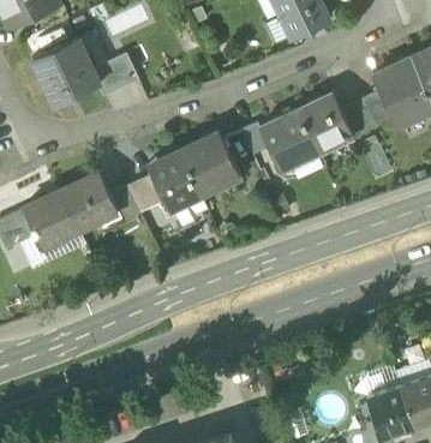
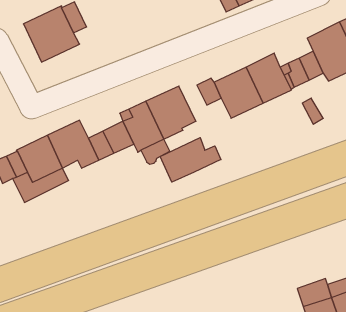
building: [92,52,139,95] -> none
building: none -> [160,138,221,182]

